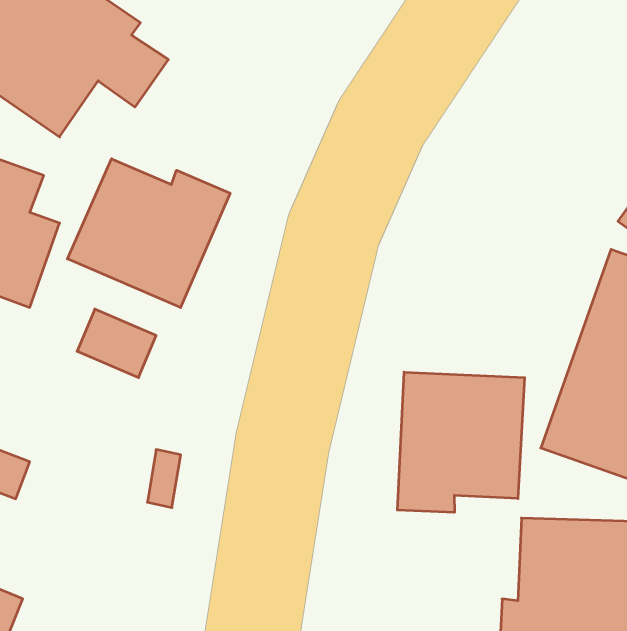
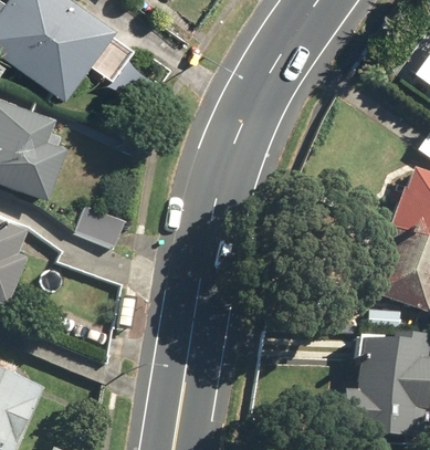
building: [67,159,230,308] -> none
building: [397,372,525,512] -> none

